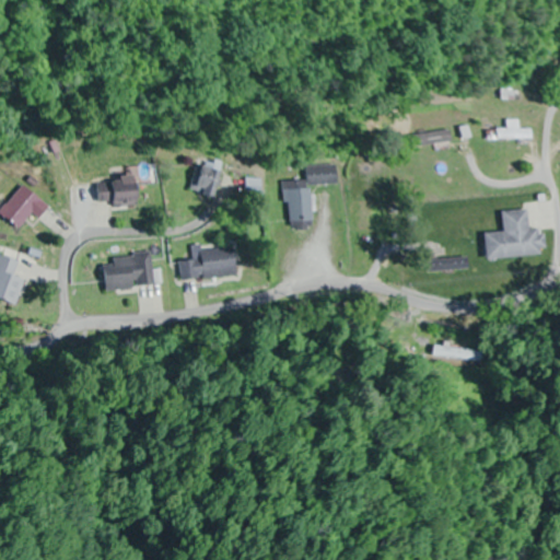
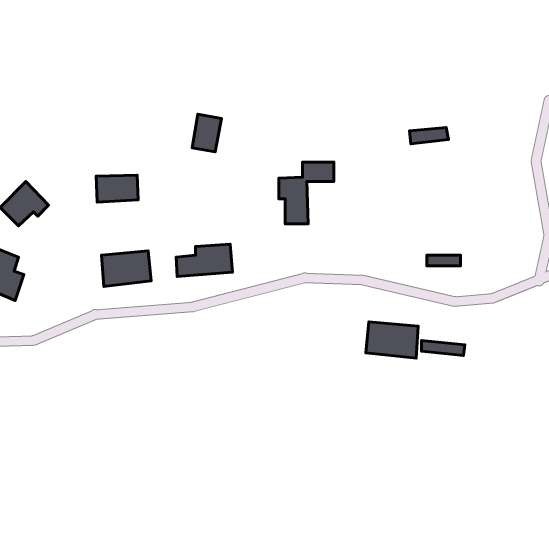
building: [497,118,532,139] -> none
building: [192,158,222,196] -> [192,114,221,152]
building: [483,209,540,258] -> none
building: none -> [366,322,418,358]

